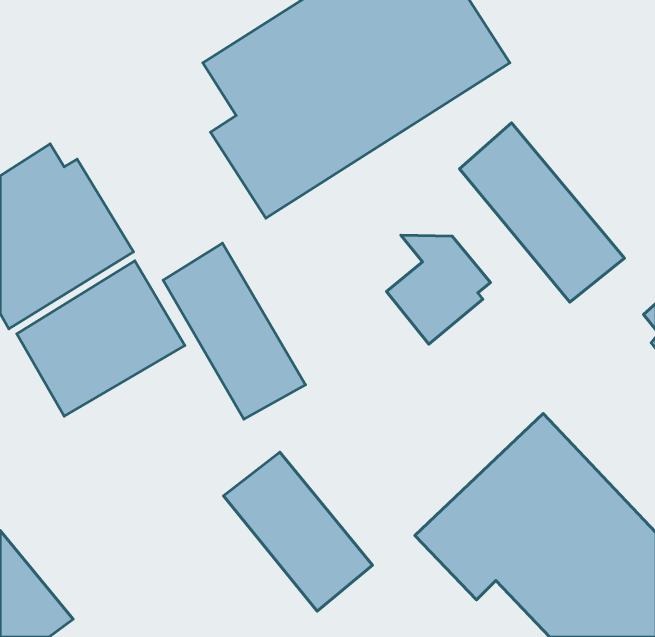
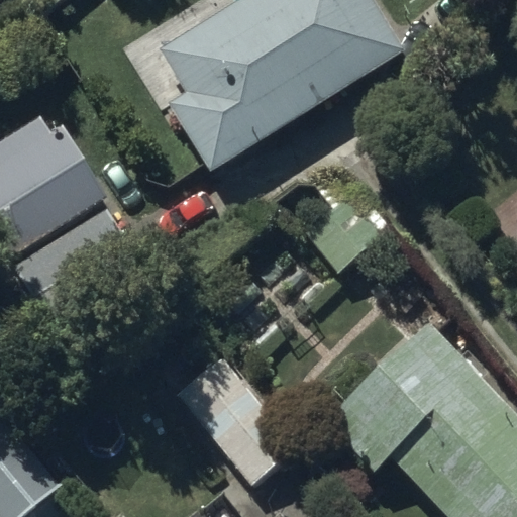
building: [460,123,624,302] -> none
building: [163,243,305,419] -> none

